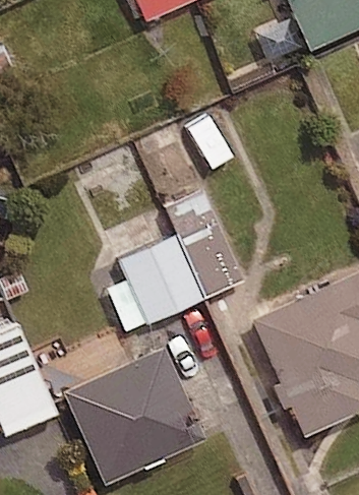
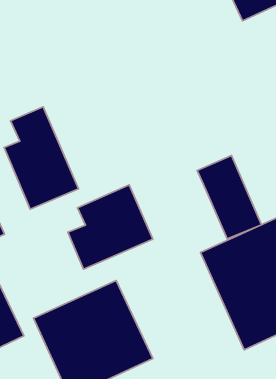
building: none -> [4,107,79,209]
building: [169,203,243,300] -> [197,155,261,239]

